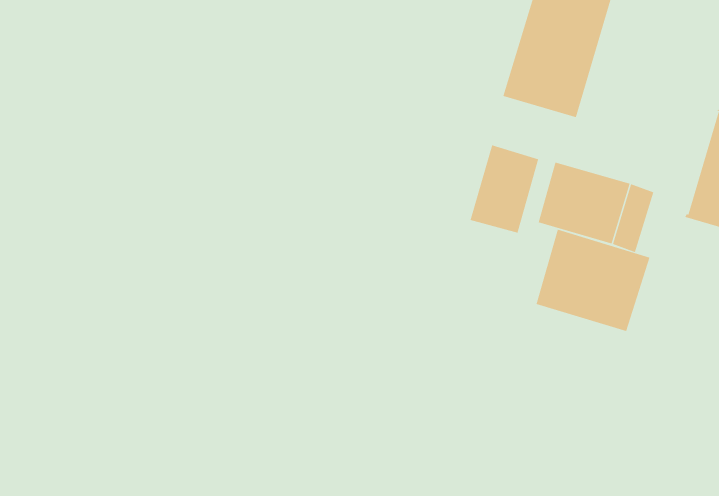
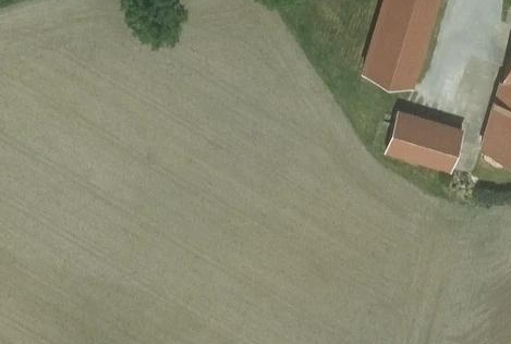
building: [470,145,539,233] -> none
building: [536,229,650,332] -> none

